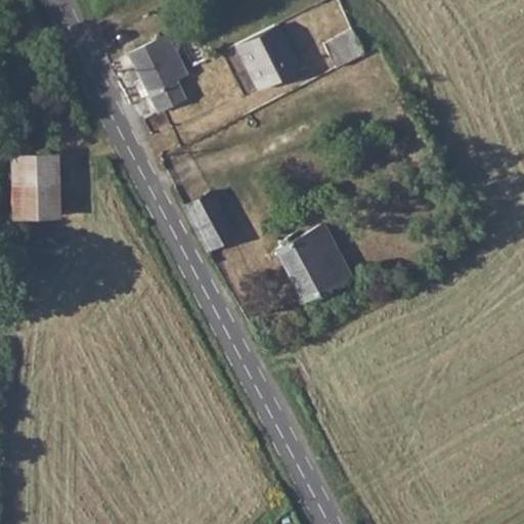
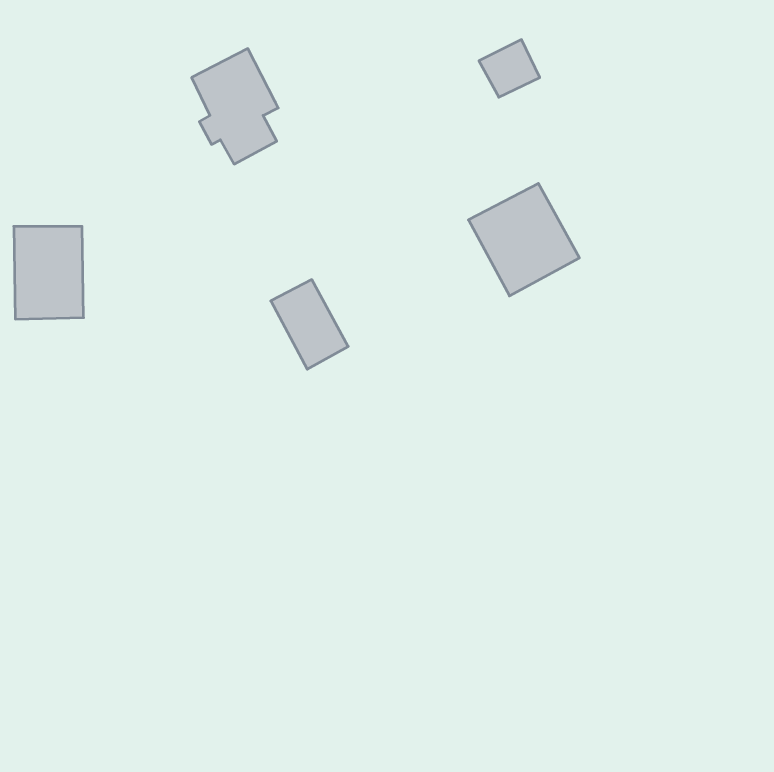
building: [236,27,299,91] -> none
building: [276,225,351,301] -> [468,183,579,296]

